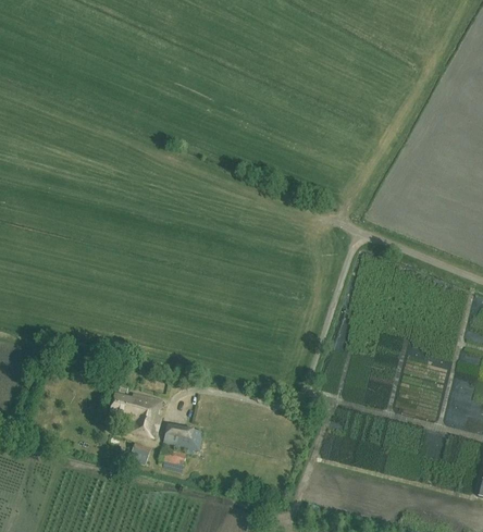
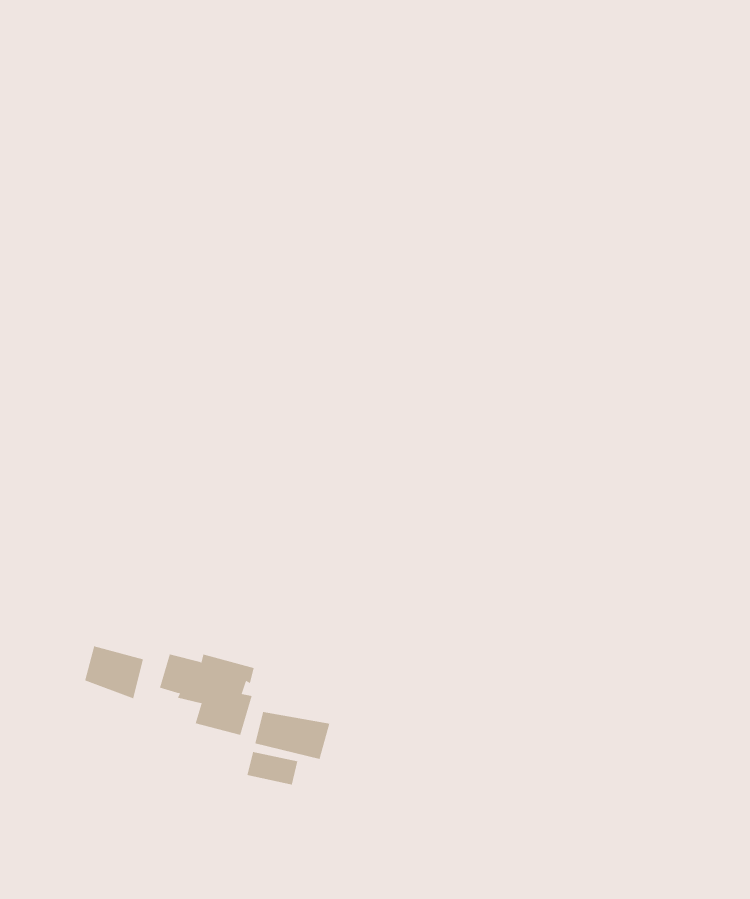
building: none -> [85,645,144,699]

